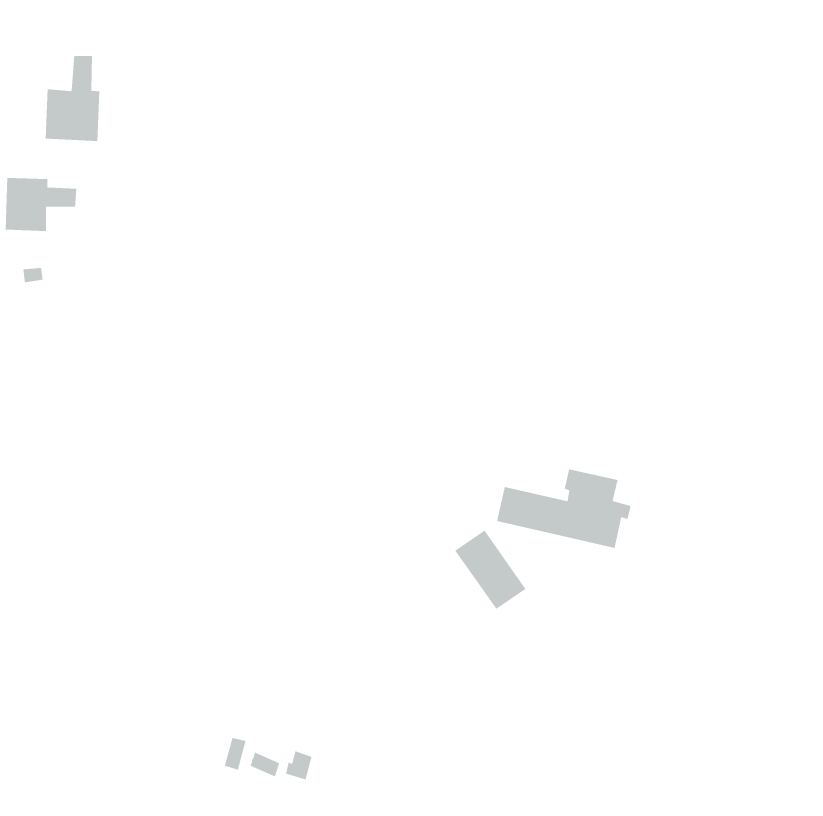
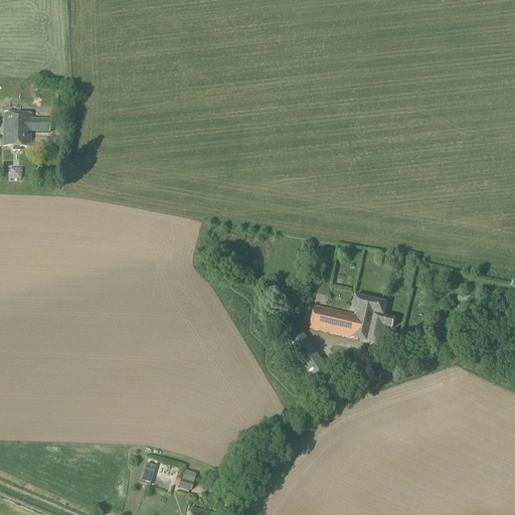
building: [45,55,100,142] -> none

